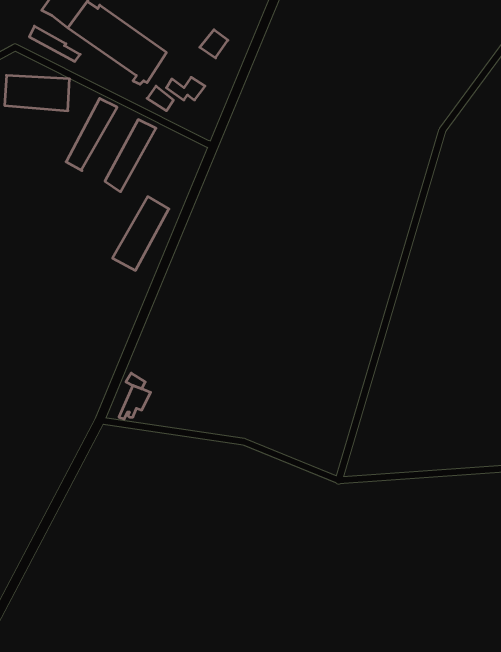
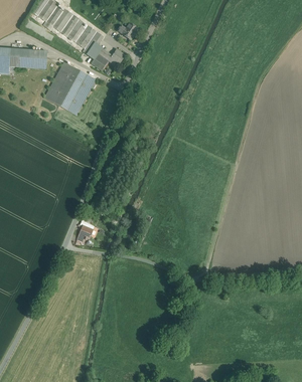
building: [113,197,169,270] -> [53,67,86,110]

